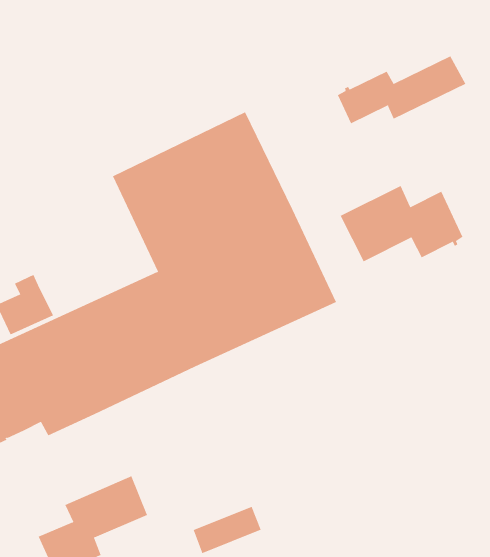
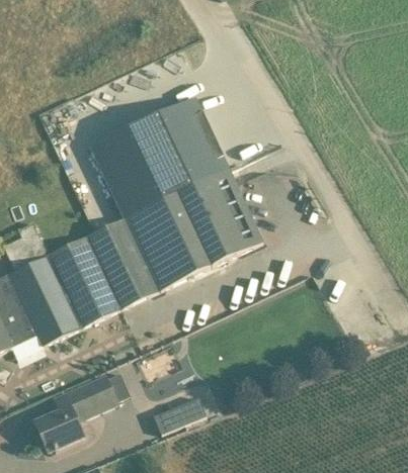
building: [337,55,466,124] -> none
building: [340,185,463,262] -> none

